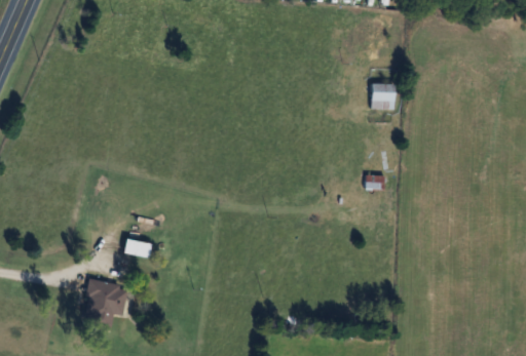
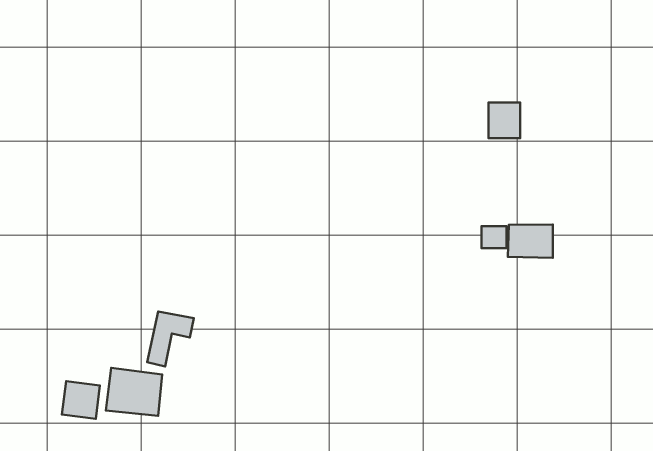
building: none -> [508,225,553,258]
building: none -> [62,381,100,419]

